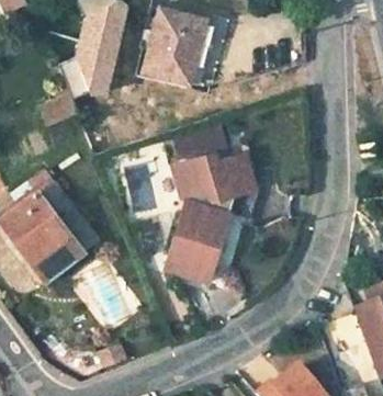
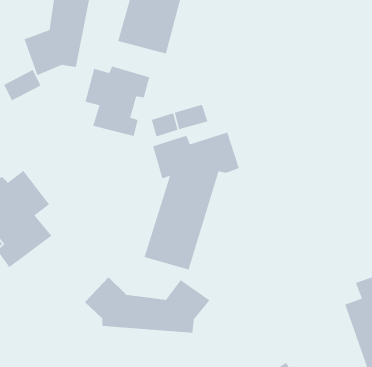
building: none -> [85,66,150,137]
building: none -> [84,276,210,333]

